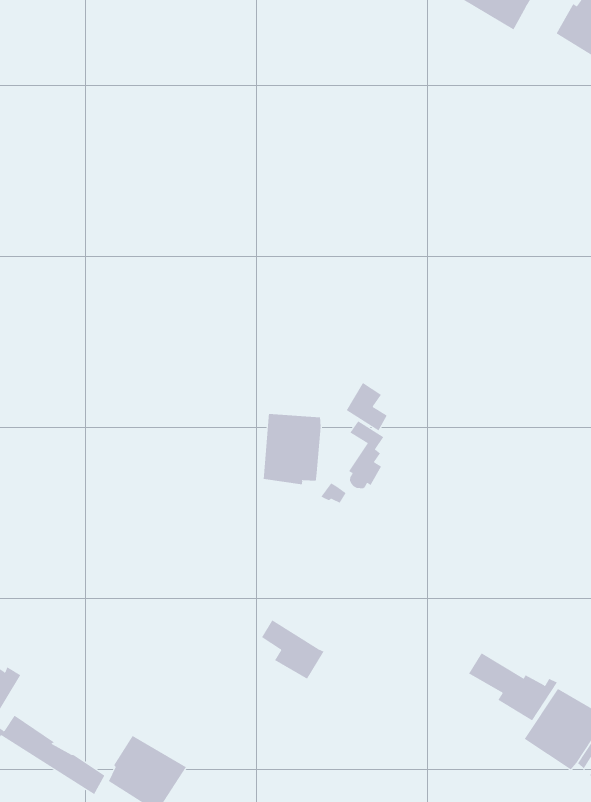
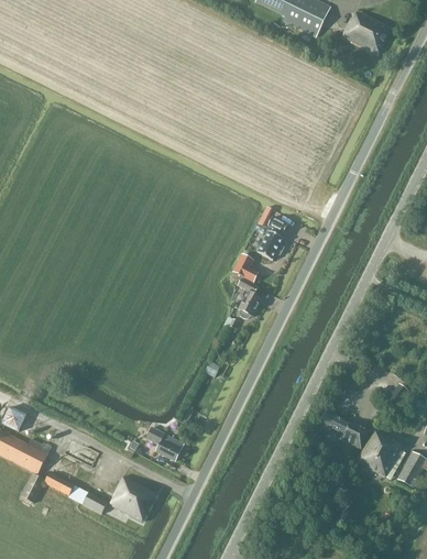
building: none -> [256,216,287,260]
building: [263,413,321,485] -> none
building: [261,620,325,679] -> [145,427,184,461]

